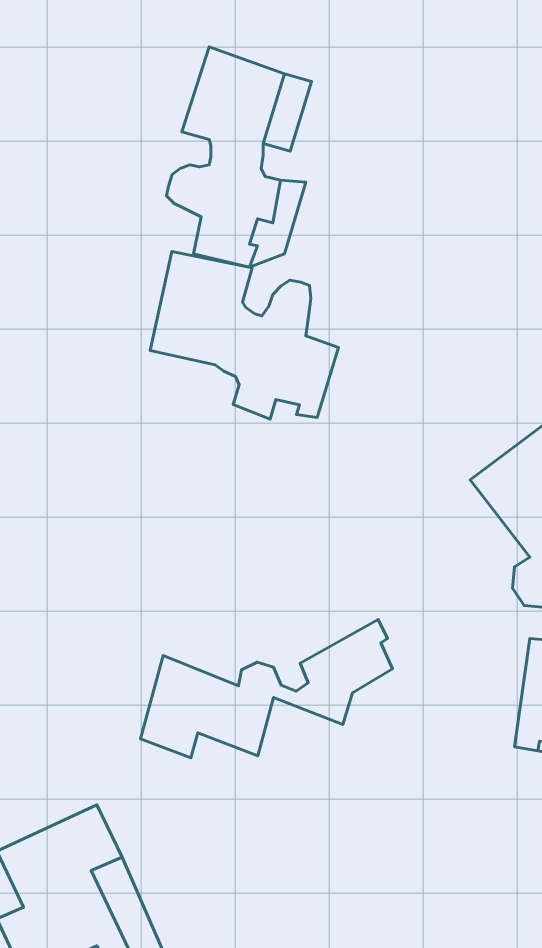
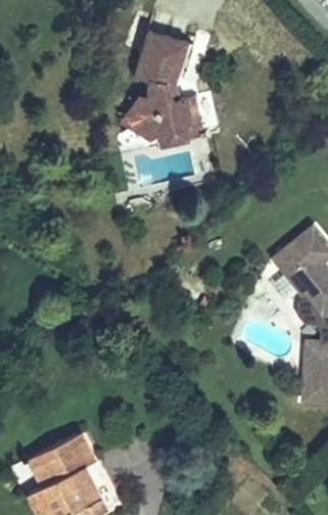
building: [150,251,338,419] -> none
building: [141,620,392,758] -> none

